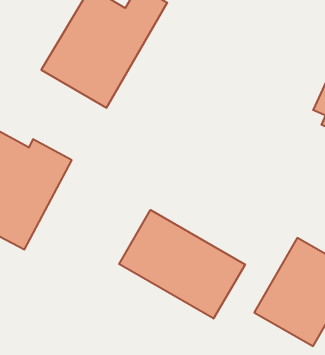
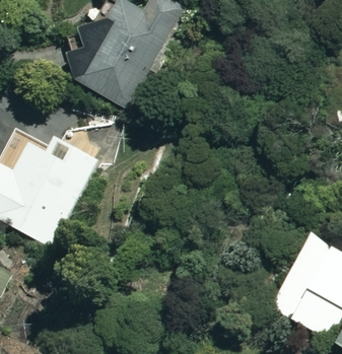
building: [119,210,245,319] -> none

